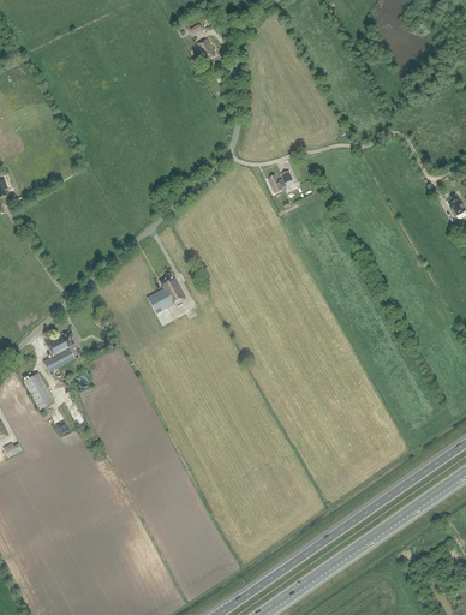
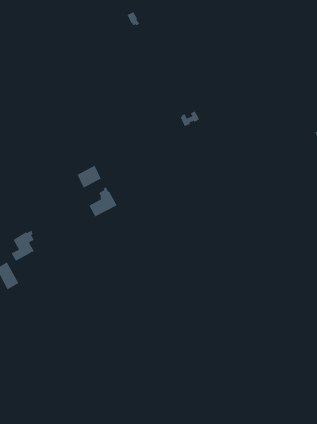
building: none -> [77,165,102,188]

